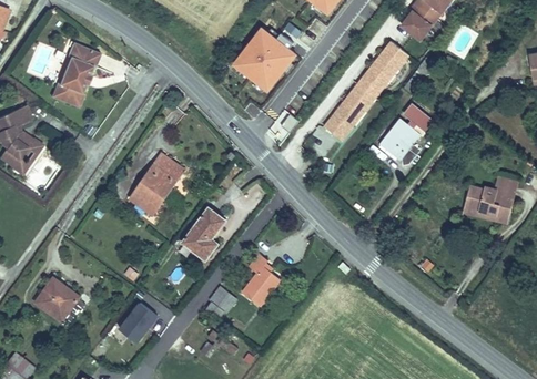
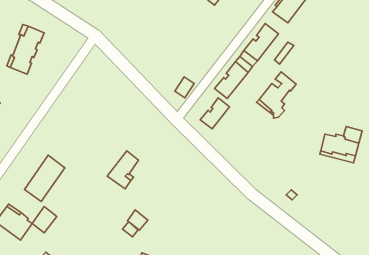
building: [232,30,294,93] -> none
building: none -> [200,98,230,129]
building: [130,153,183,214] -> [24,155,65,201]
building: [242,254,281,306] -> none
building: [121,306,153,340] -> [32,207,57,233]

